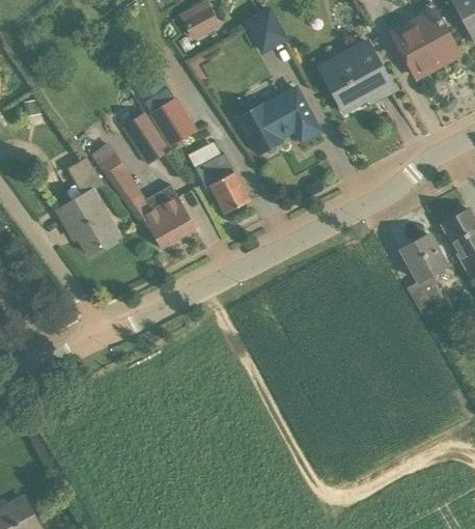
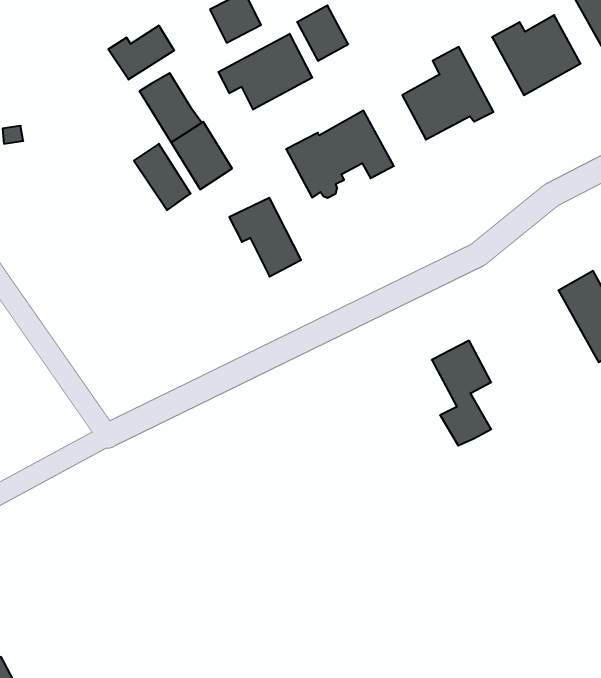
building: none -> [108,25,174,80]
building: none -> [218,34,312,110]
building: [99,152,195,248] -> none
building: [57,158,119,254] -> none
building: [401,234,446,313] -> [432,341,491,446]

